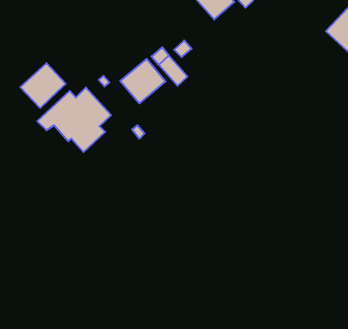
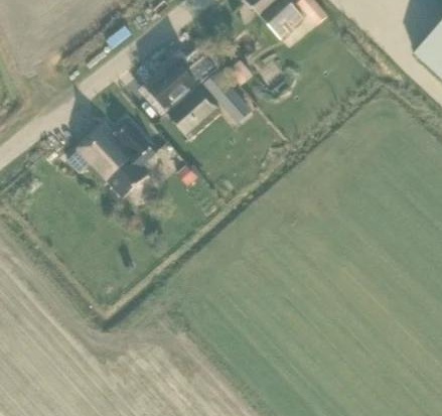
building: none -> [151,62,201,106]
building: [20,63,66,108] -> none

